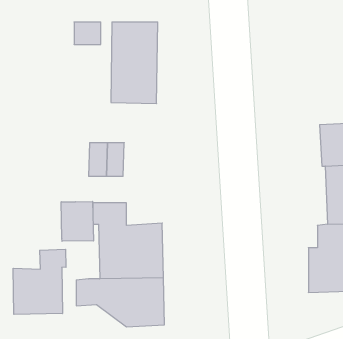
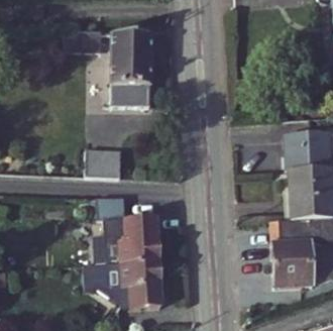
building: [61,201,93,241] -> none
building: [13,249,66,314] -> none

